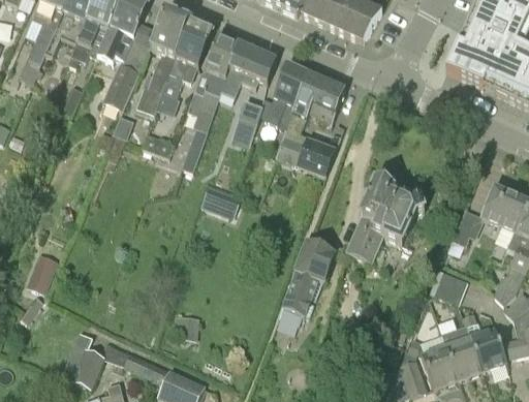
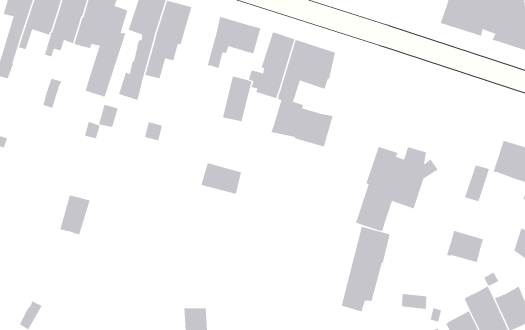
building: [181,33,238,171] -> none
building: [279,243,333,324] -> [341,226,390,312]
building: [26,252,58,291] -> [59,195,90,235]

